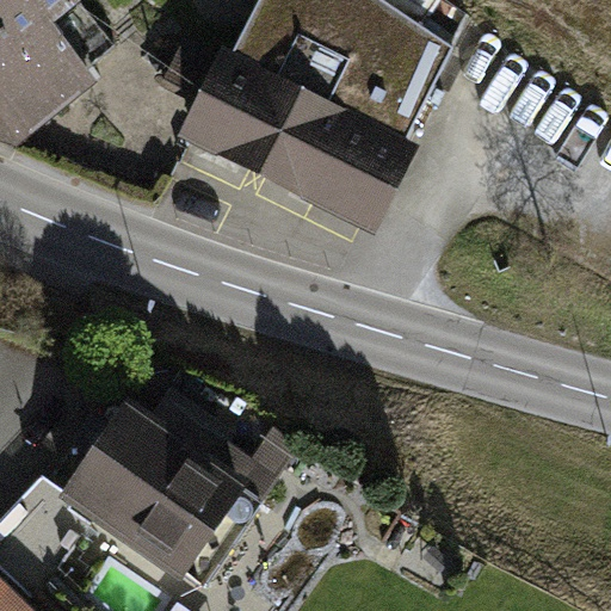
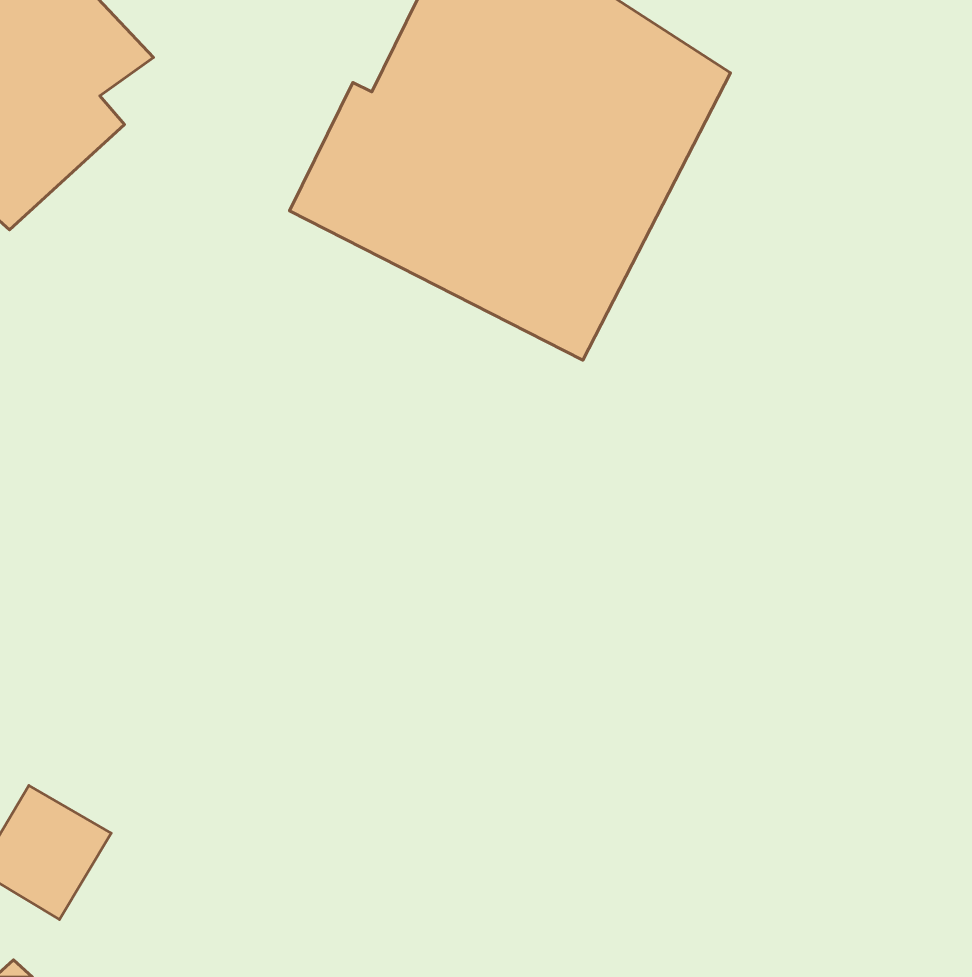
building: [49,400,242,581] -> none

